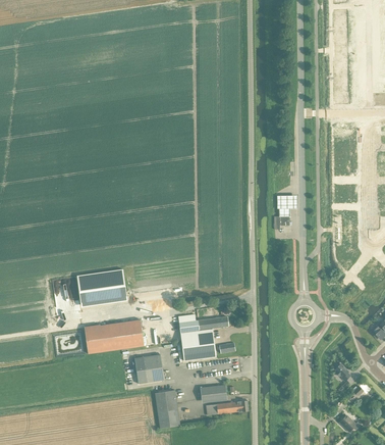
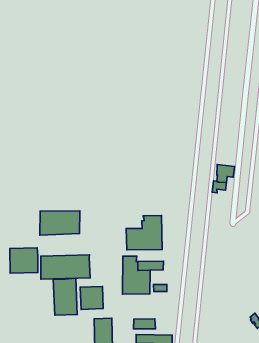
building: none -> [126,216,162,250]
building: none -> [10,248,38,273]
building: none -> [53,278,77,315]

